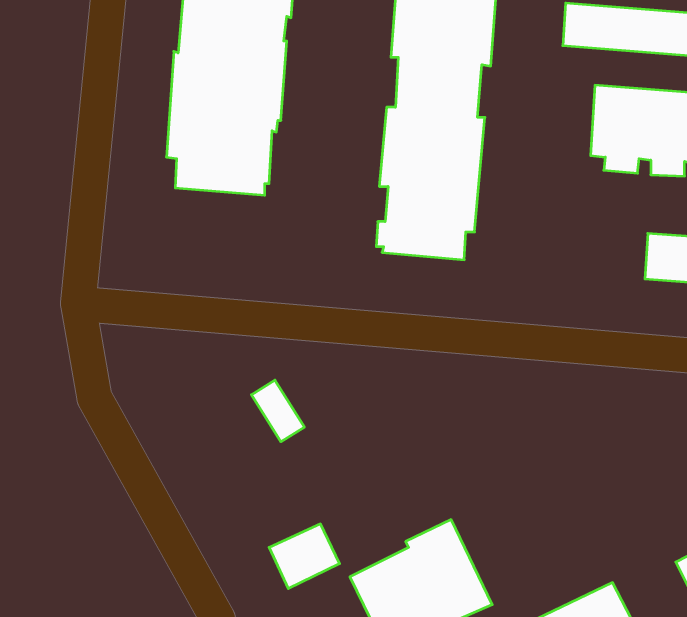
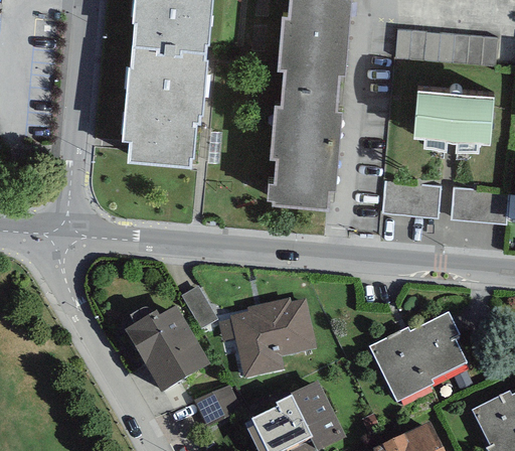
building: none -> [382,180,442,215]
building: none -> [218,299,316,380]
building: none -> [124,309,210,398]
building: none -> [369,315,466,405]

